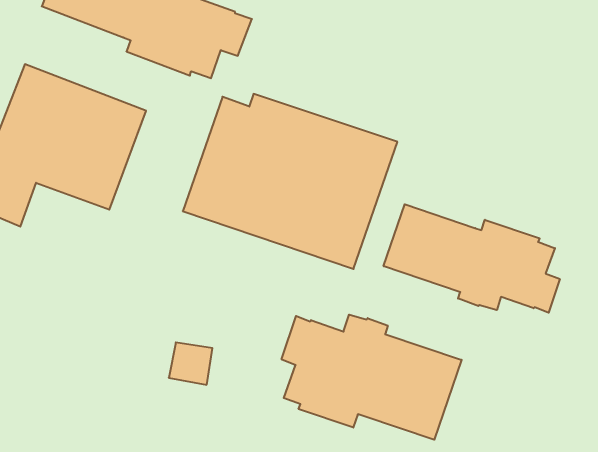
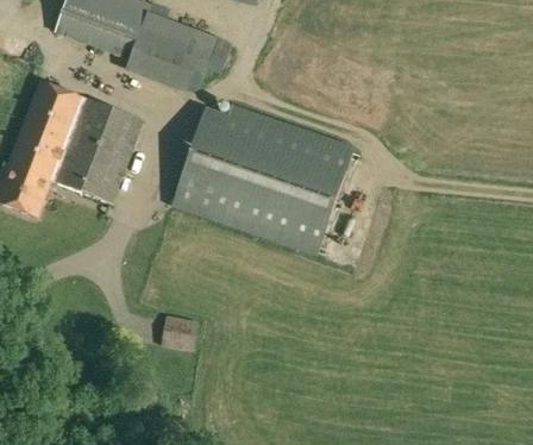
building: [384,204,560,313] -> none
building: [282,315,462,440] -> none

